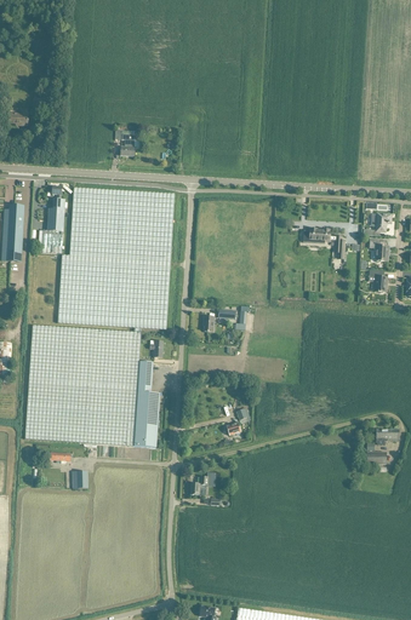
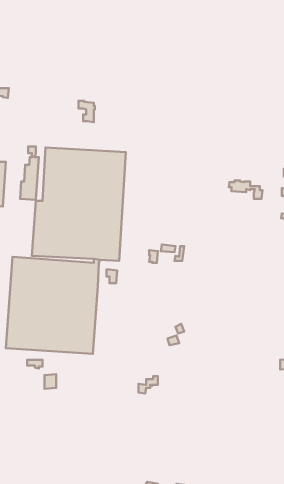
building: [133,361,160,448] -> none

